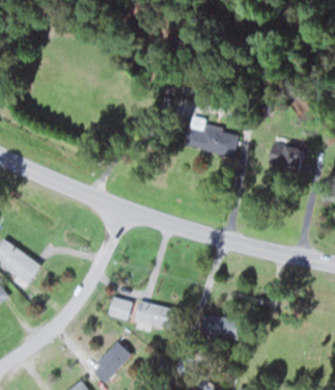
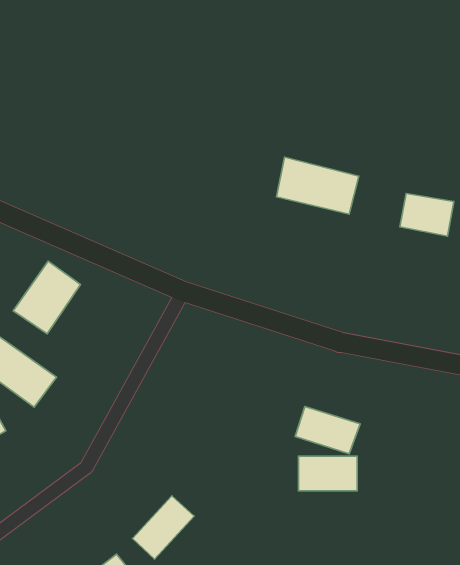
building: none -> [13,261,81,334]
building: [108,296,133,321] -> none
building: [134,300,176,331] -> [295,406,360,454]

